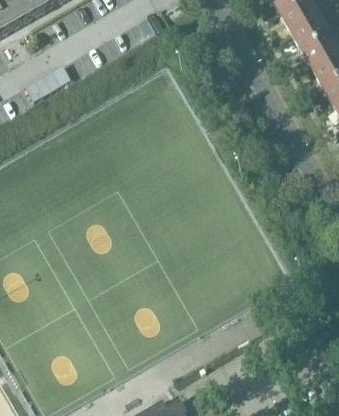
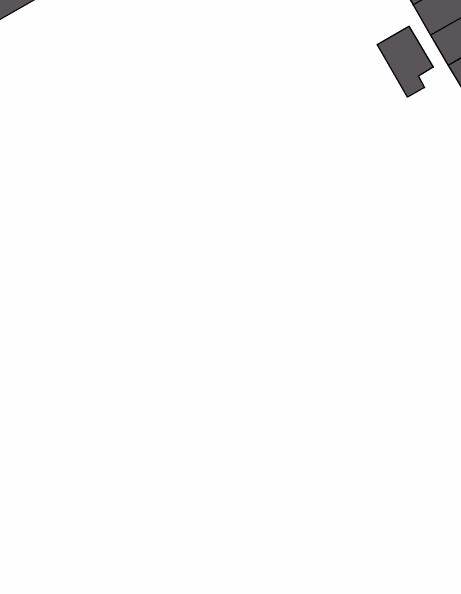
building: none -> [377,26,433,97]

